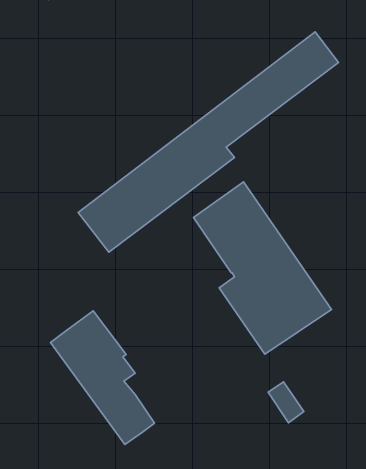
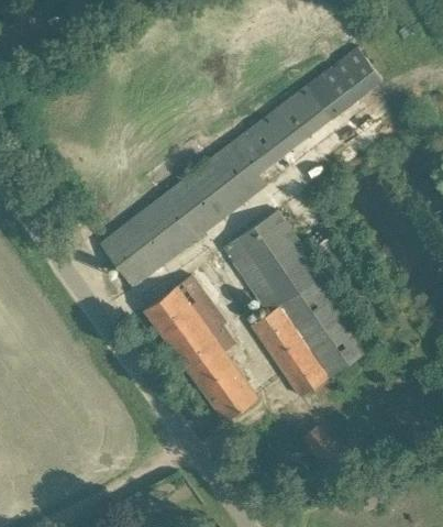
building: [50,311,155,444] -> [145,276,257,420]

